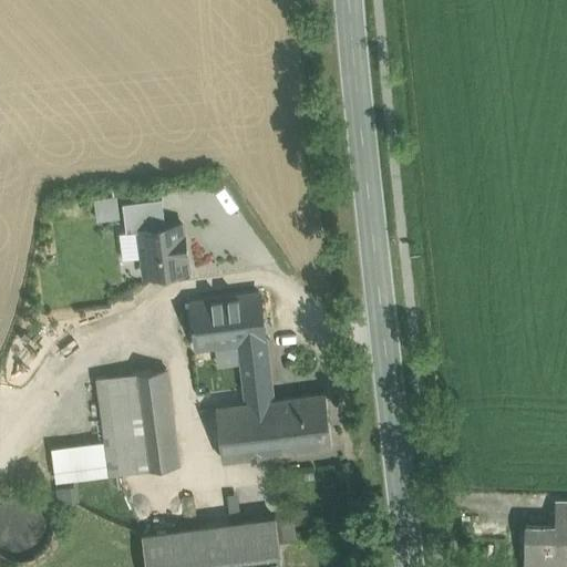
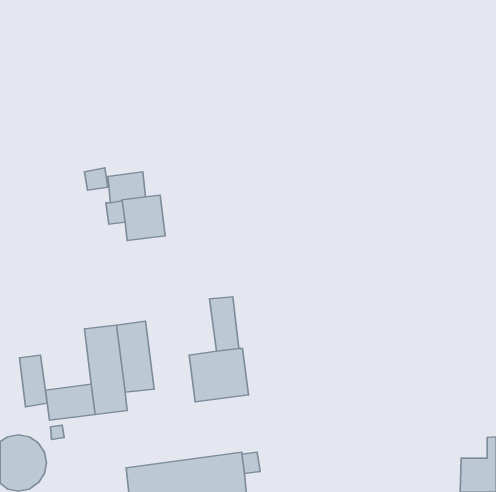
building: [192,296,266,351] -> none
building: [277,396,332,455] -> none
building: none -> [20,355,47,407]
building: [143,449,178,473] -> none

